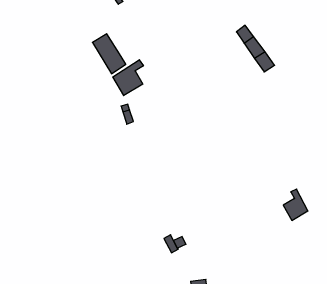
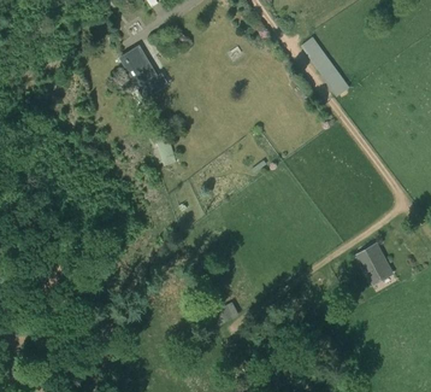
building: [113,60,143,96] -> none

